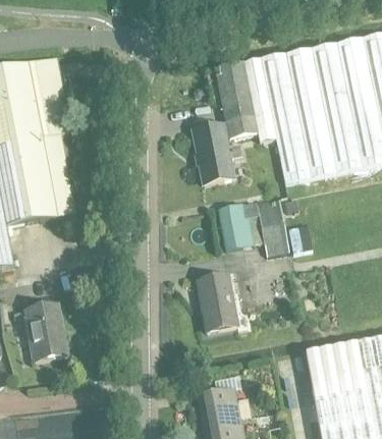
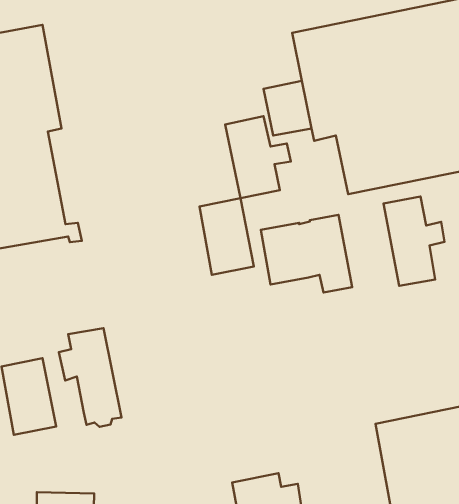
building: [215,61,251,103] -> none
building: none -> [384,196,445,286]
building: [198,274,238,331] -> [199,198,254,275]
building: none -> [59,328,121,427]

